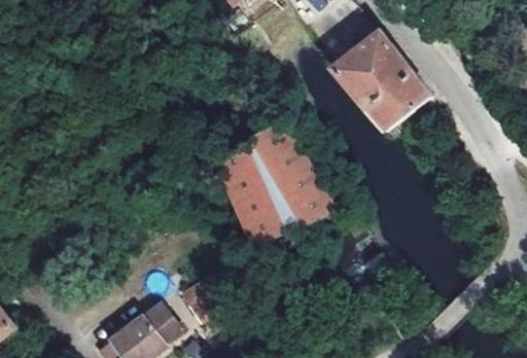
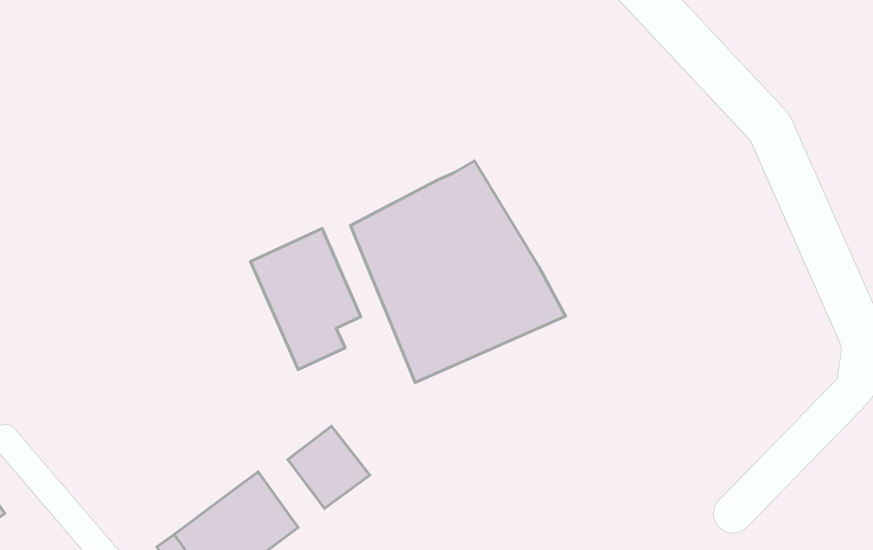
building: [330,30,440,131] -> none
building: none -> [251,229,361,370]

